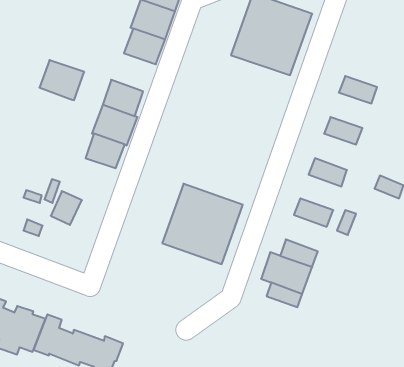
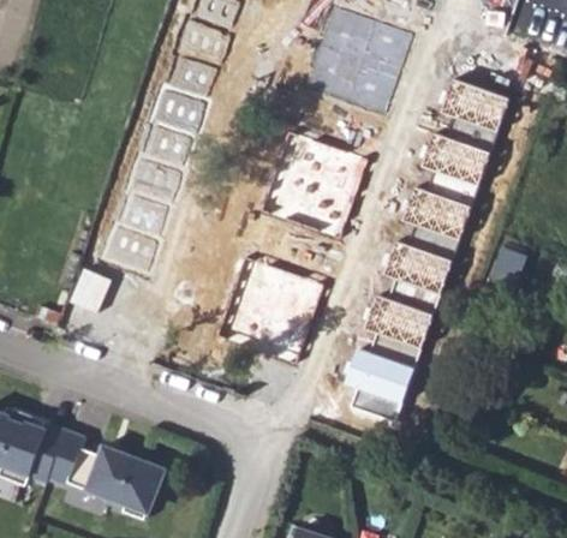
building: none -> [443,78,511,130]
building: [39,60,84,100] -> [149,84,208,137]
building: none -> [258,130,366,238]
building: none -> [423,132,491,184]
building: none -> [404,186,471,239]
building: none -> [102,223,161,274]
building: none -> [386,240,452,292]
building: none -> [366,294,432,346]

